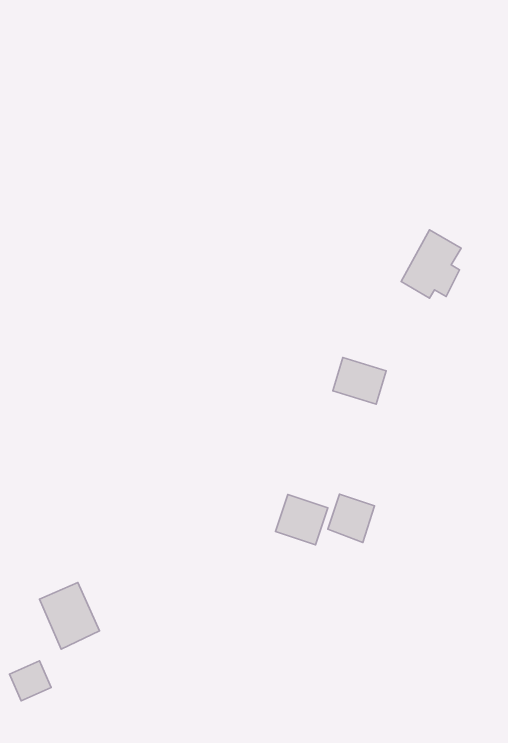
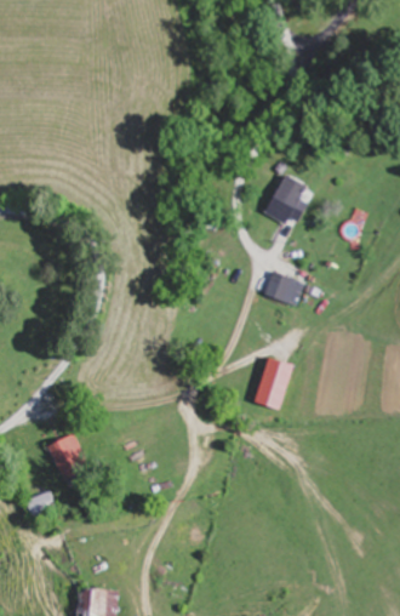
building: [401,230,461,298] -> [263,175,307,224]
building: [275,494,328,545] -> none

